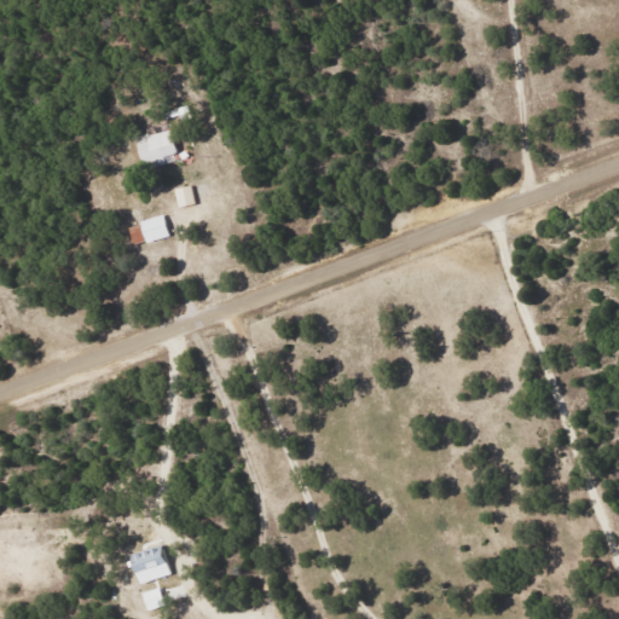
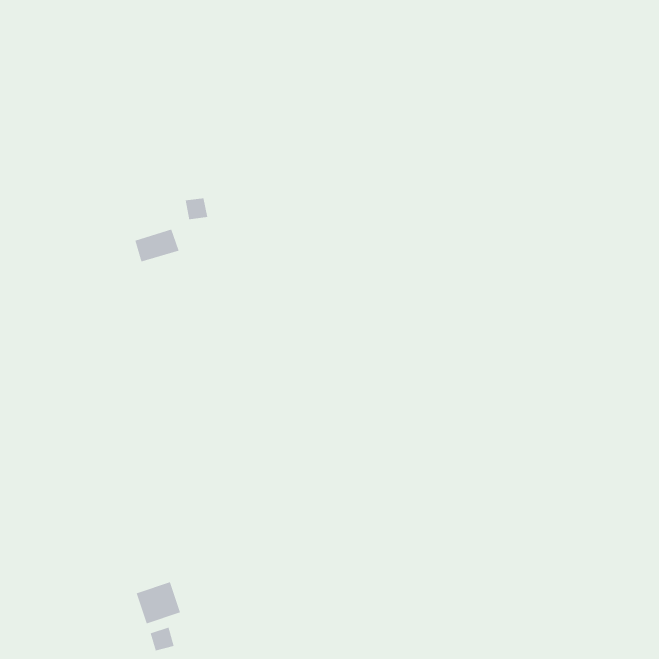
building: [135,128,175,169] -> none

